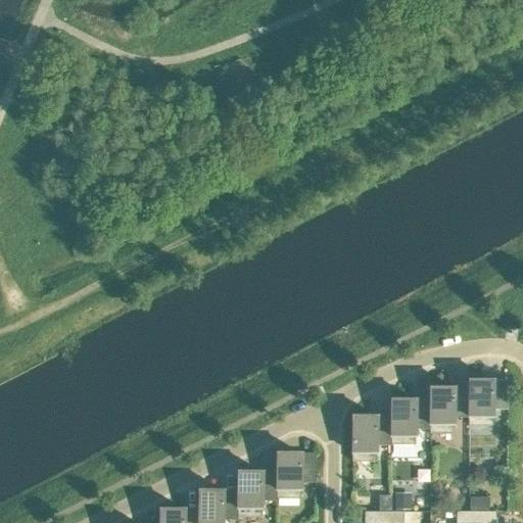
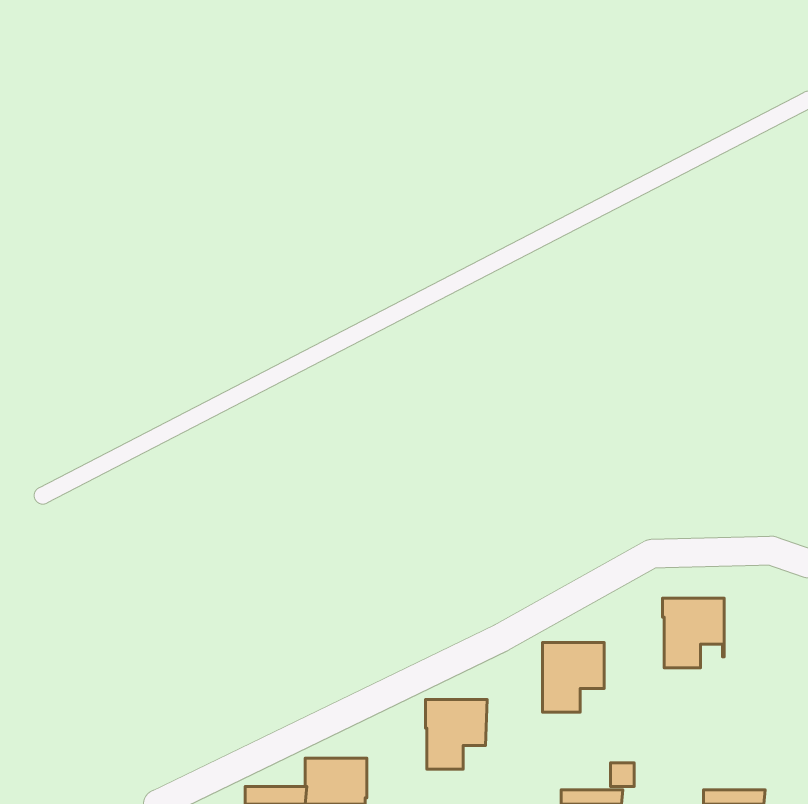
building: [467,378,507,424] -> none
building: [389,398,429,443] -> none
building: [236,470,276,515] -> none

